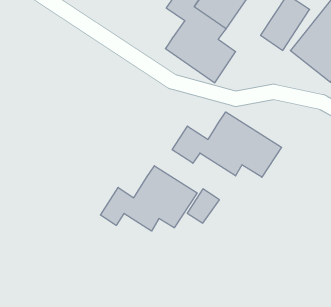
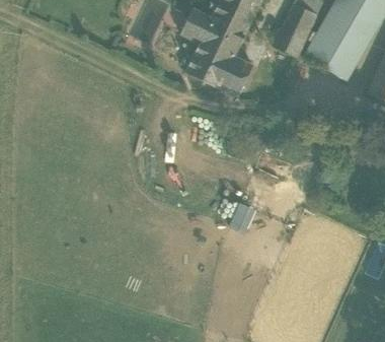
building: [172,112,282,177] -> none
building: [100,166,197,231] -> none

